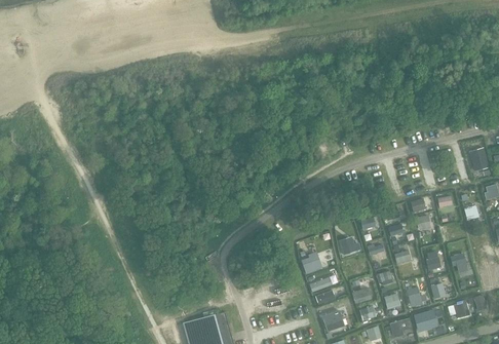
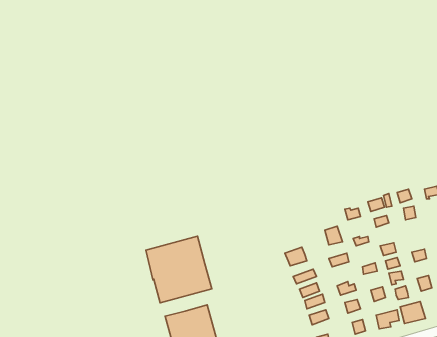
building: none -> [146,236,212,303]

